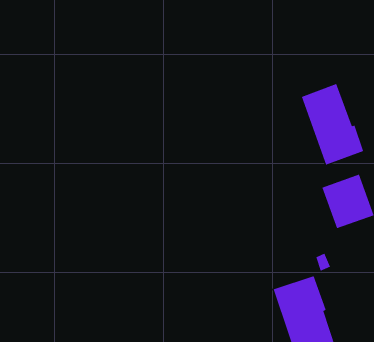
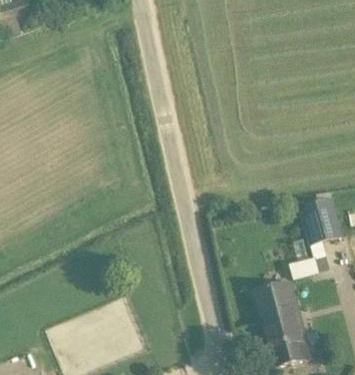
building: [301,83,364,165] -> none

